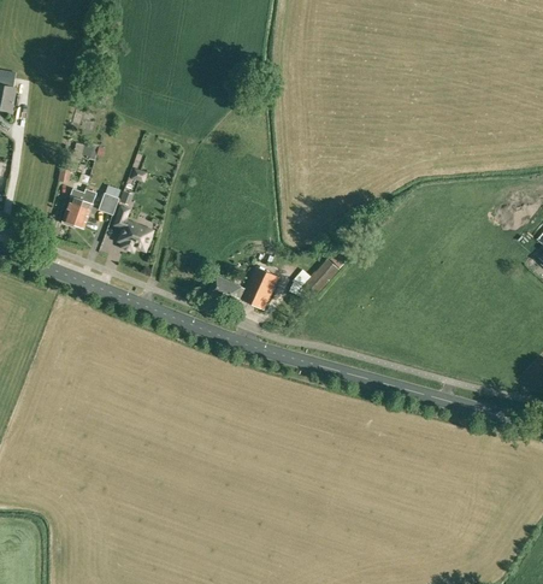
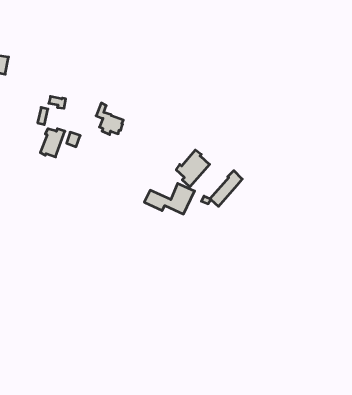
building: [113,206,152,250] -> [96,103,123,135]
building: none -> [176,150,210,187]

